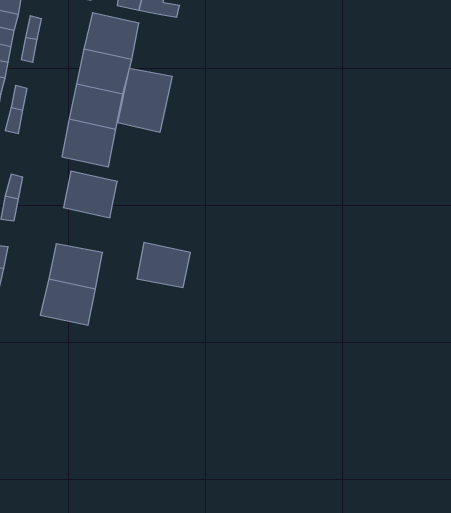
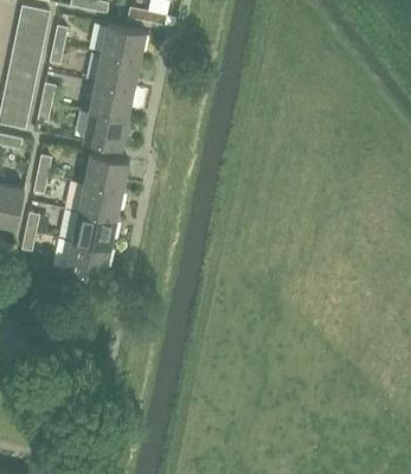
building: [118,68,172,132] -> none
building: [137,242,190,287] -> [77,184,121,220]

